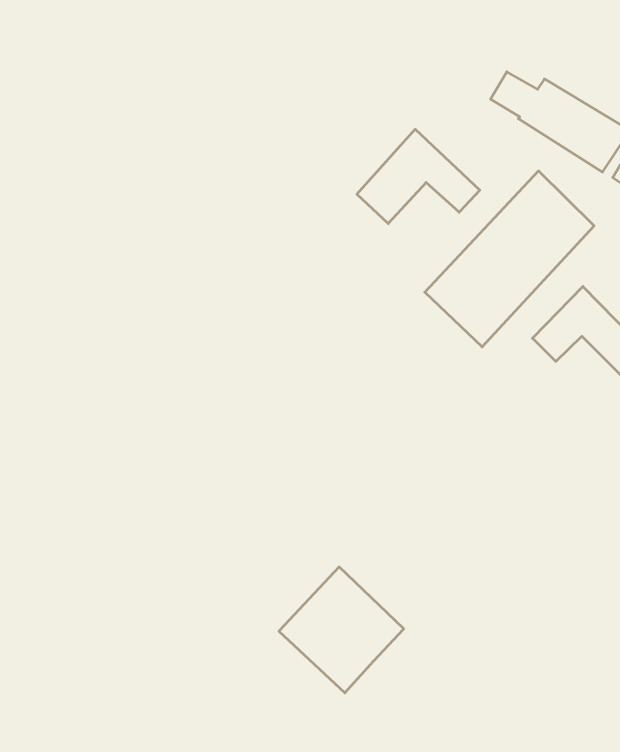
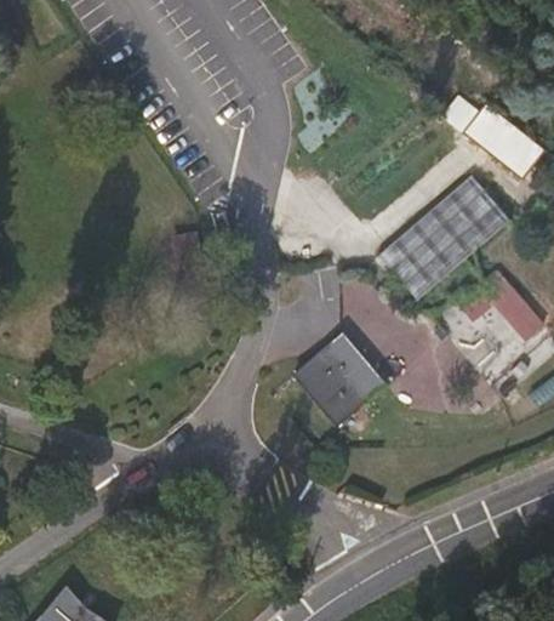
building: [357,129,480,224] -> none
building: [279,567,404,693] -> [292,331,387,427]

